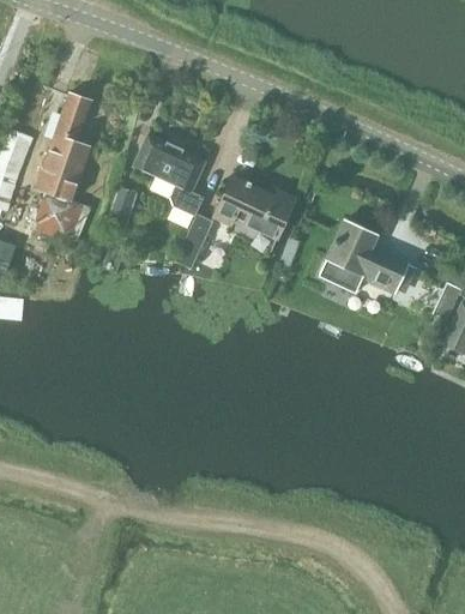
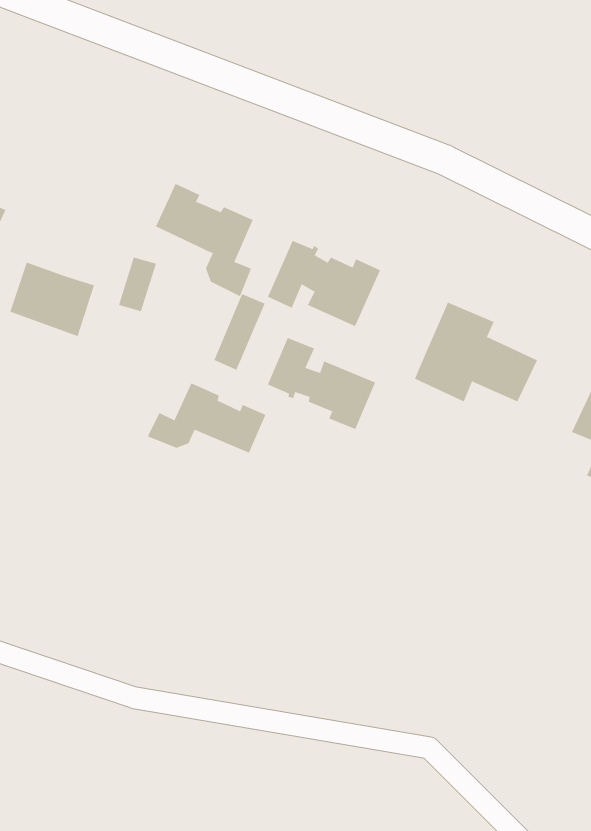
building: [35,92,91,203] -> none
building: none -> [267,337,376,430]
building: none -> [147,382,266,454]

